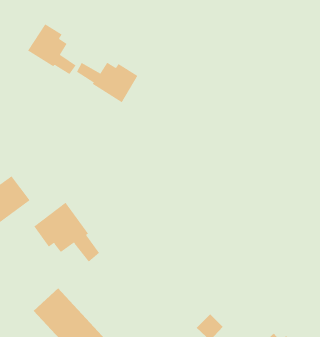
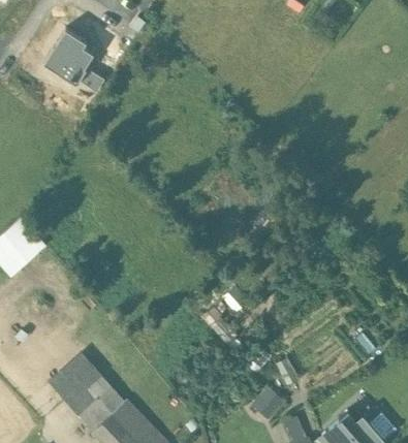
building: [76,62,138,103] -> none
building: [34,202,100,262] -> none

